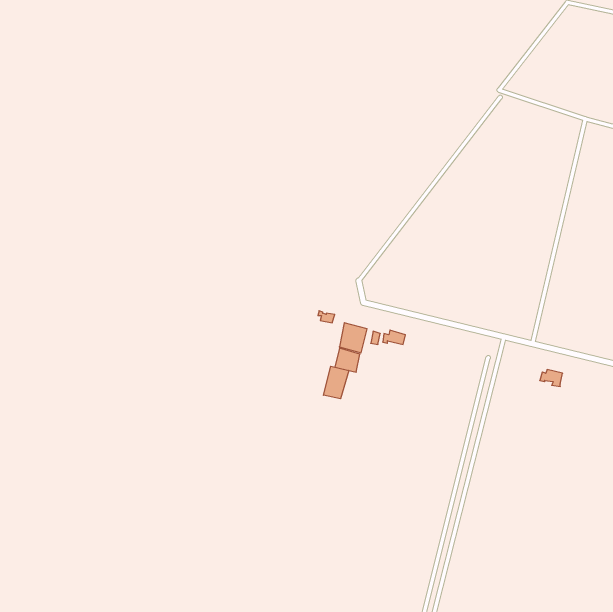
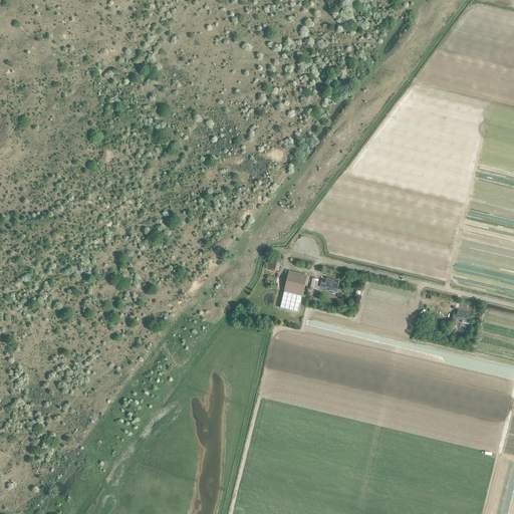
building: [323,366,349,399] -> none

